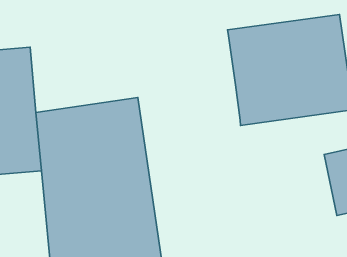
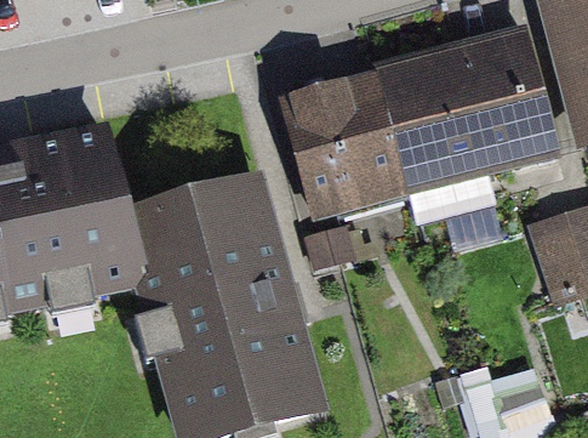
building: none -> [279,70,409,220]

